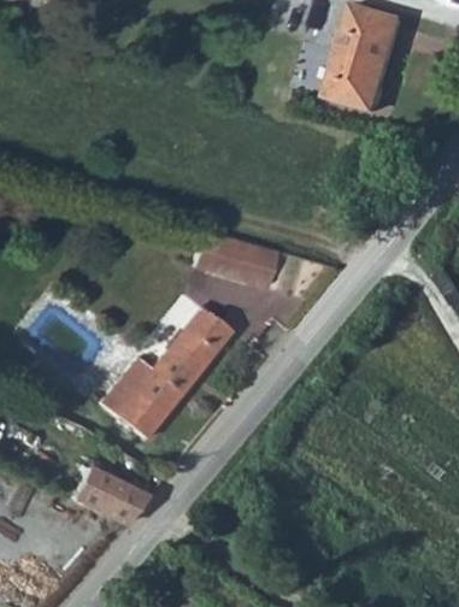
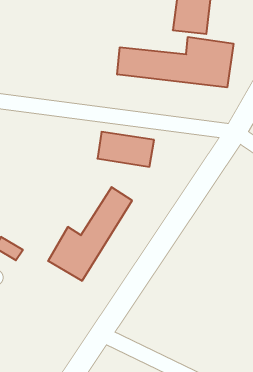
building: none -> [117,37,233,87]
building: [69,466,149,519] -> none

